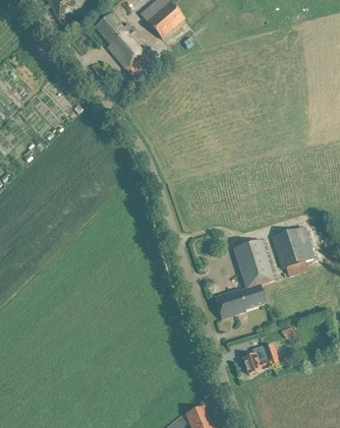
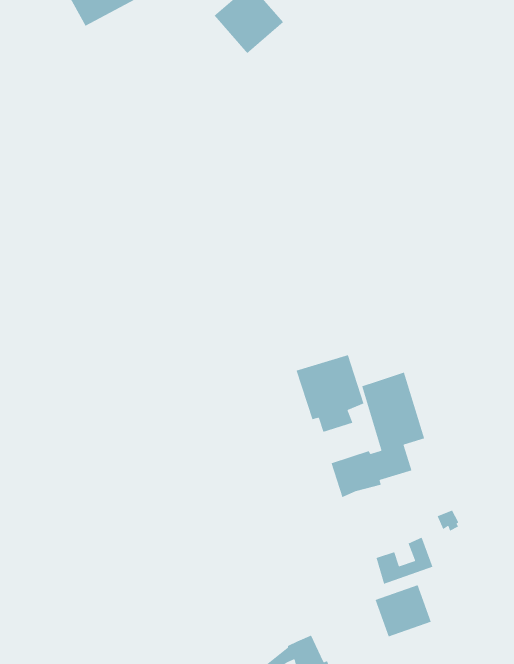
building: [94,13,149,75] -> none
building: [271,227,315,277] -> [296,354,365,433]
building: none -> [375,584,432,638]

